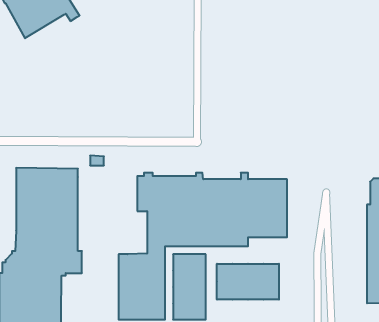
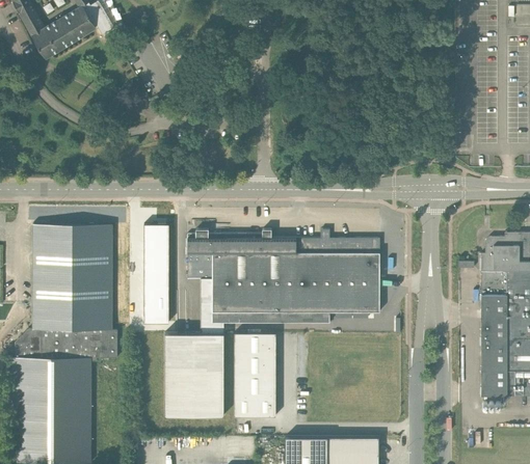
building: none -> [143,225,168,324]
building: [217,264,279,300] -> none

